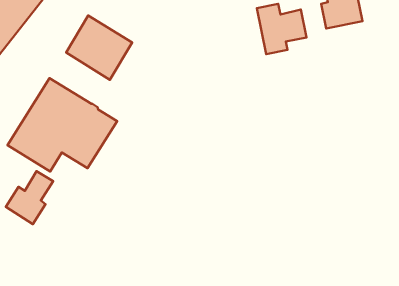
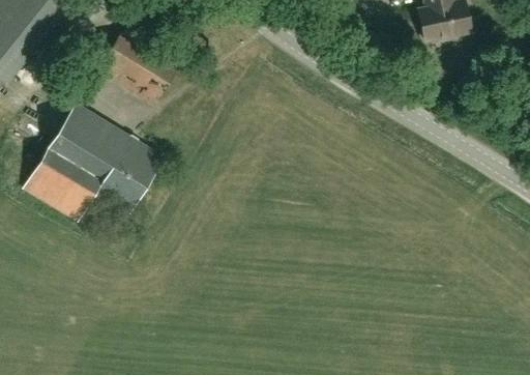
building: [257,4,307,54] -> none
building: [6,171,53,224] -> none

